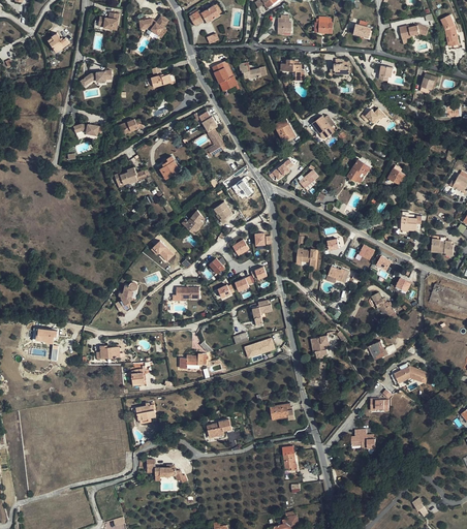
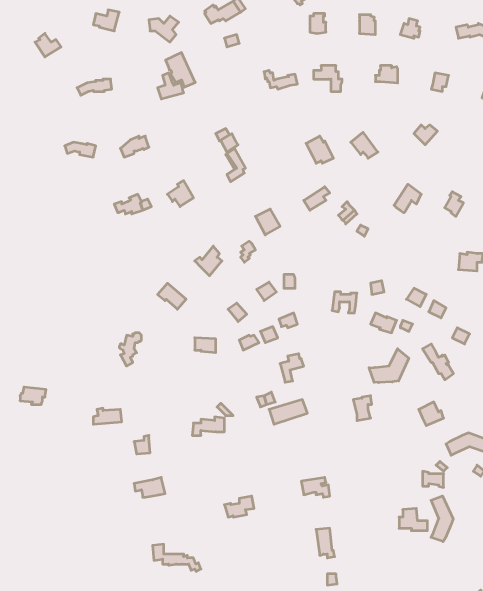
building: [212,60,237,89] -> [166,53,195,87]
building: none -> [369,349,409,383]
building: none -> [431,496,453,542]

